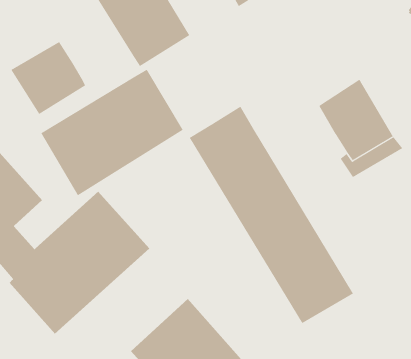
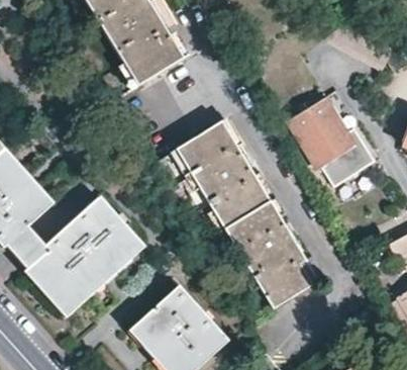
building: [11,41,86,115] -> none
building: [41,69,183,196] -> none

